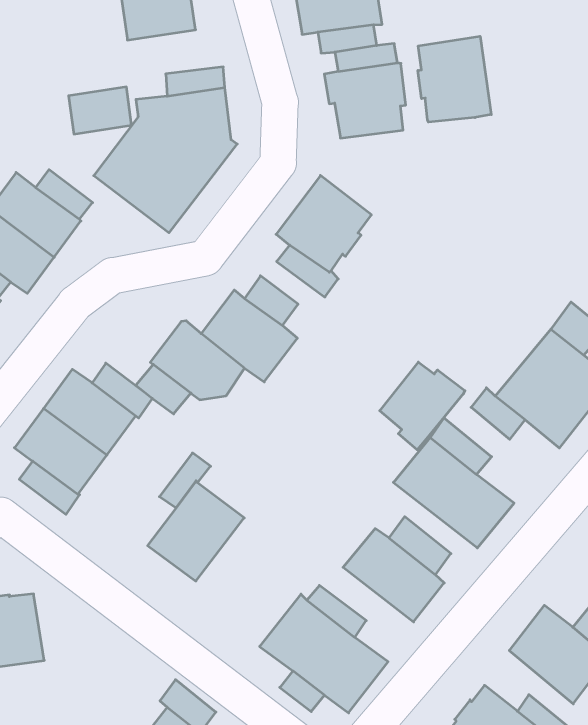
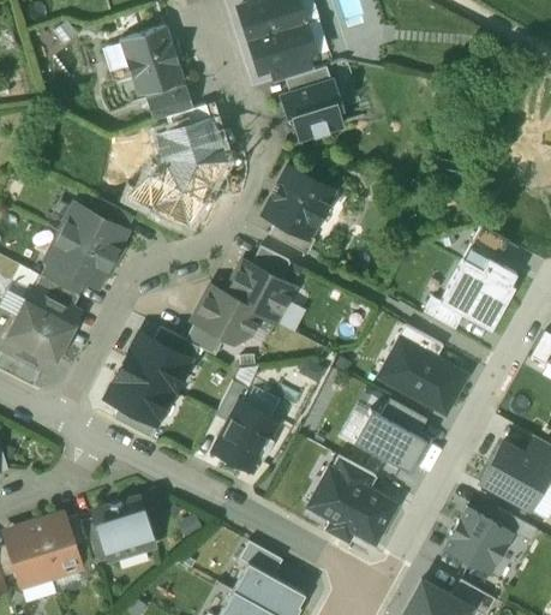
building: [418,36,491,122] -> none
building: [69,87,132,134] -> [144,80,192,120]
building: [380,362,465,450] -> none

